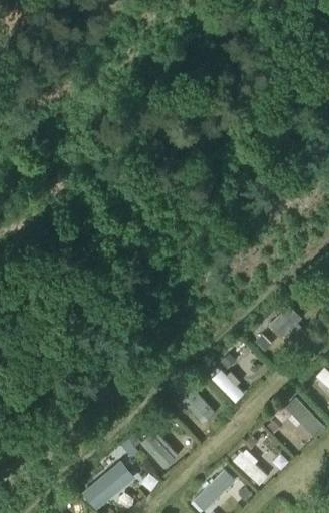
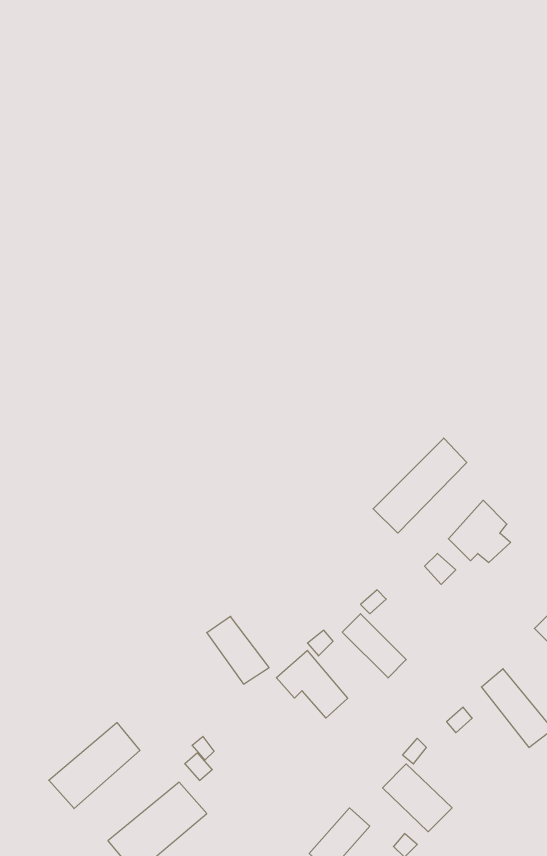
building: none -> [373,438,467,533]
building: none -> [49,723,140,809]
building: [142,430,177,467] -> [207,616,269,684]

